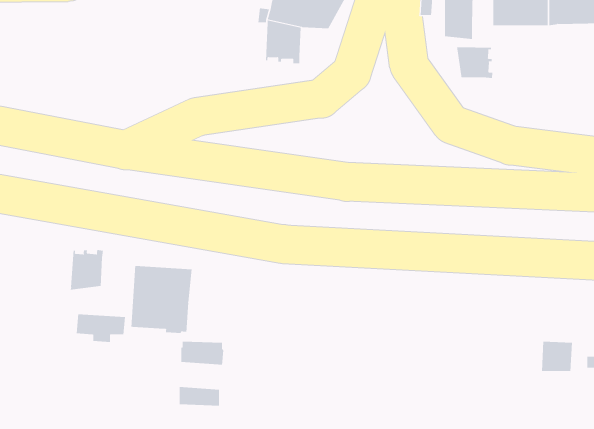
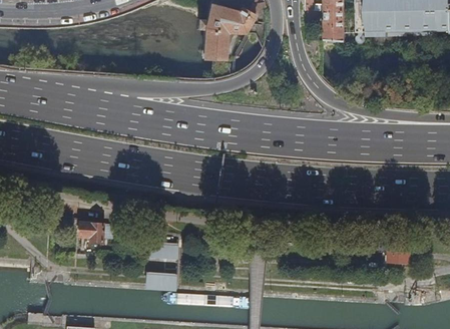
building: [456,46,493,79] -> none
building: [70,249,103,291] -> none
building: [131,265,192,334] -> none

